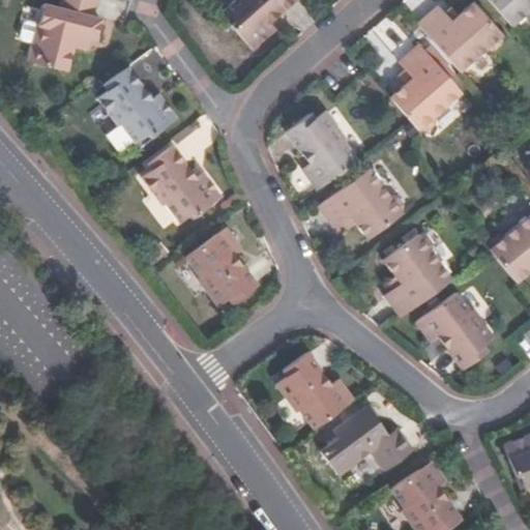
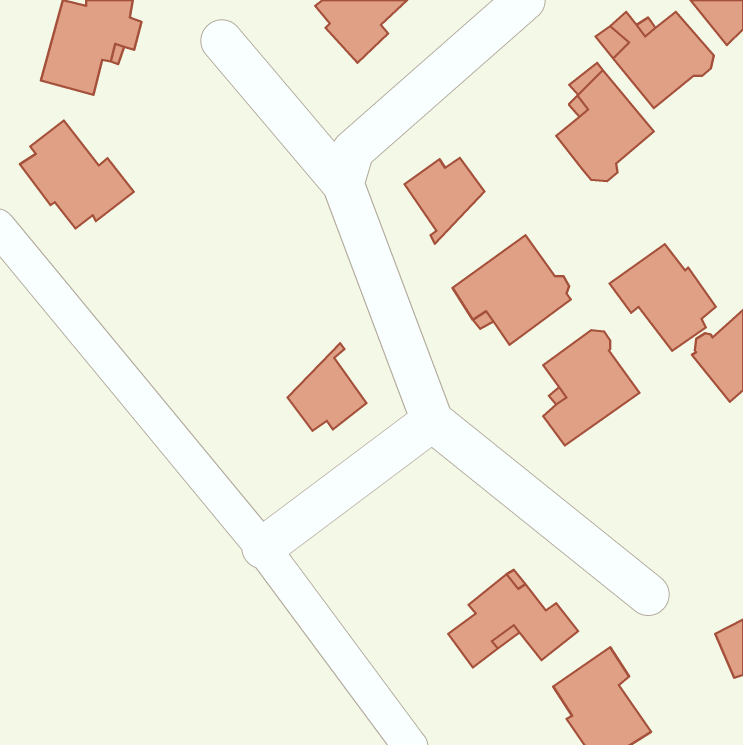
building: [97,63,178,140] -> [20,120,134,228]
building: [308,137,358,188] -> none
building: [143,142,223,218] -> none
building: [189,229,241,283] -> none
building: [417,294,493,370] -> [609,244,716,351]
building: [273,352,351,429] -> none

